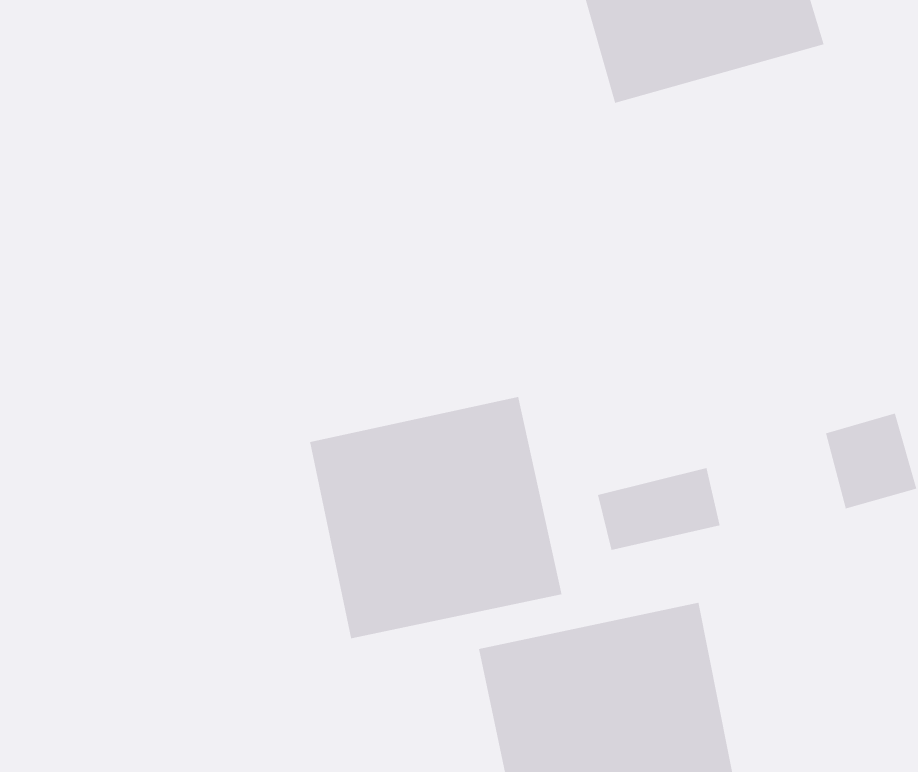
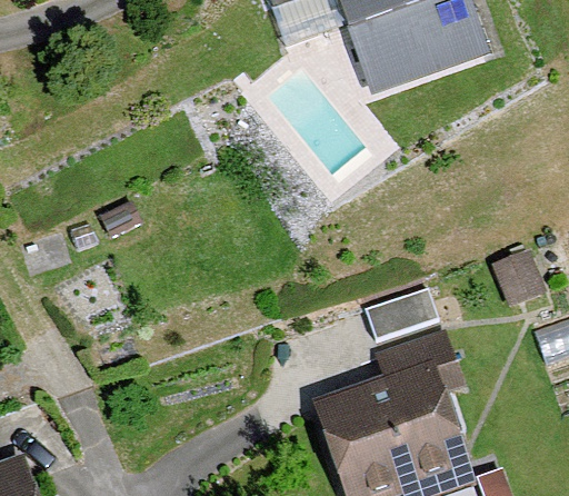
building: [310,396,562,639] -> none

